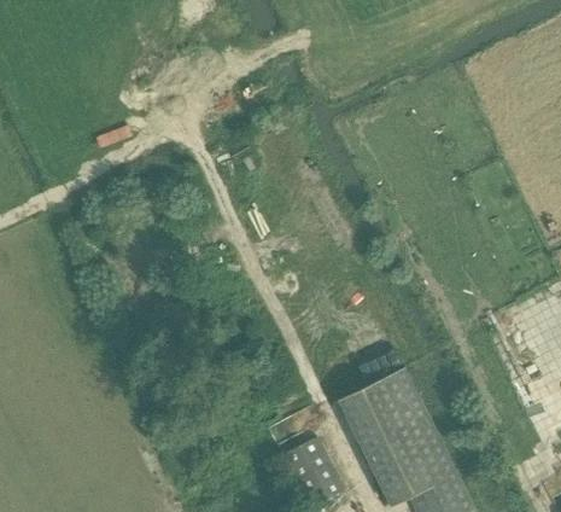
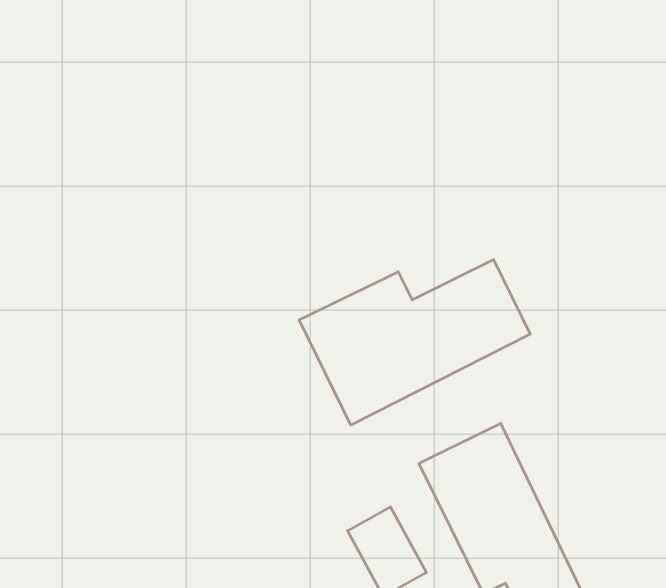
building: none -> [299,259,530,425]

